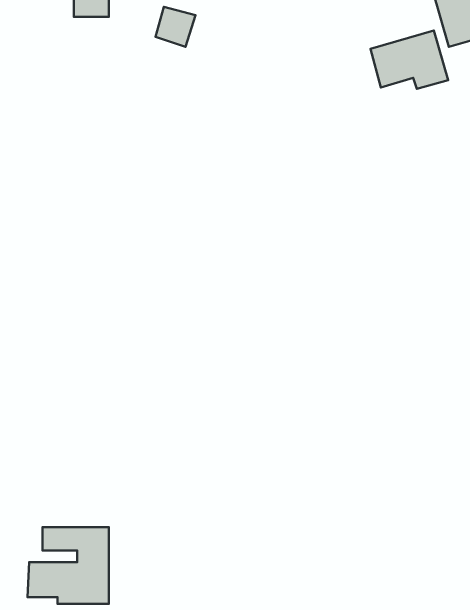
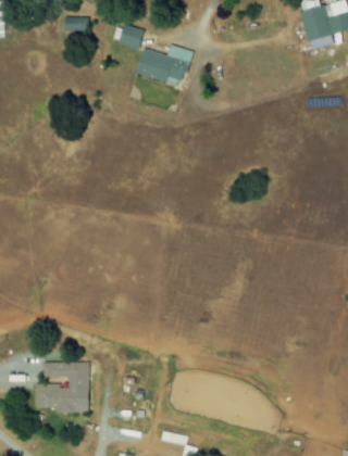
building: [370,30,448,89] -> none
building: none -> [136,45,191,87]

